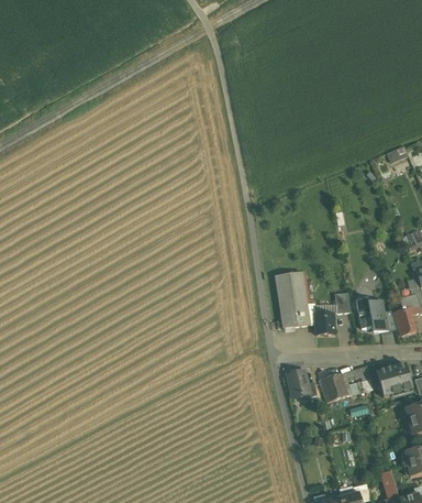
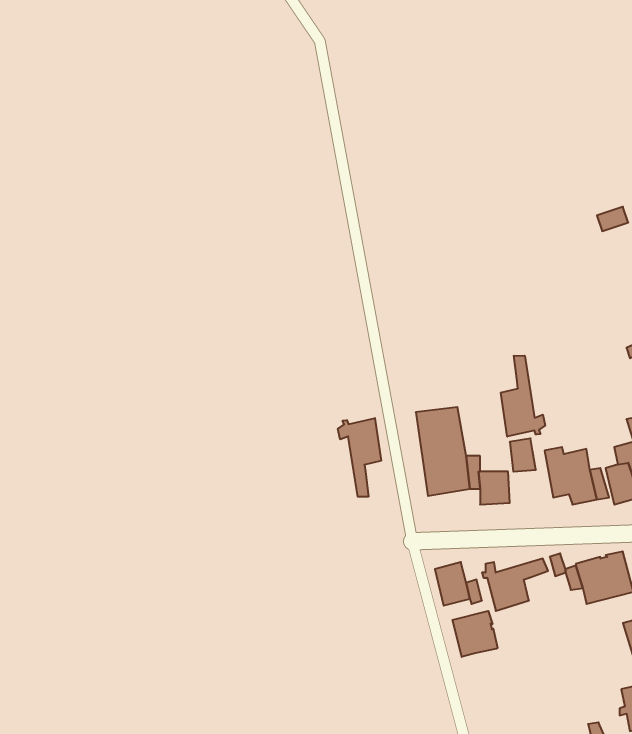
building: none -> [501,356,545,437]
building: none -> [338,418,381,497]
building: none -> [452,611,498,657]

